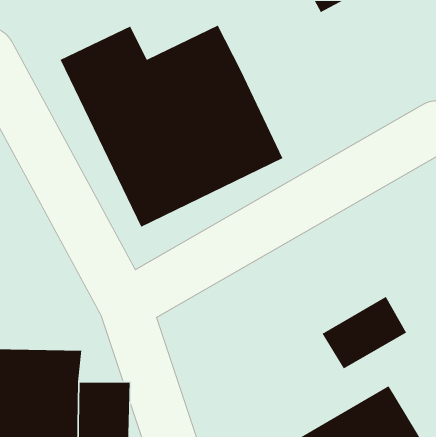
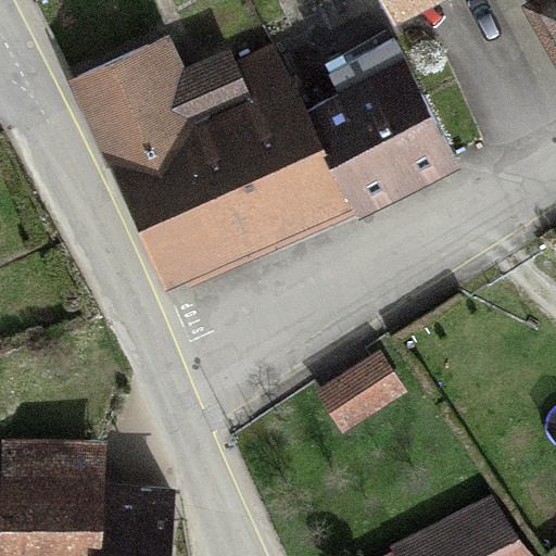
building: none -> [300,47,465,210]
building: [322,296,407,369] -> [299,349,405,440]

